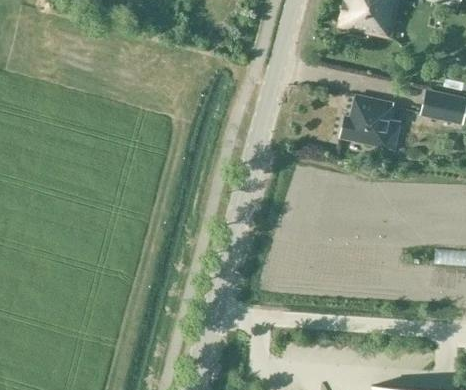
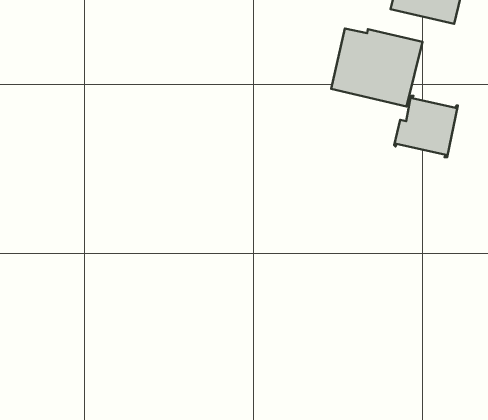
building: none -> [331,28,423,107]

